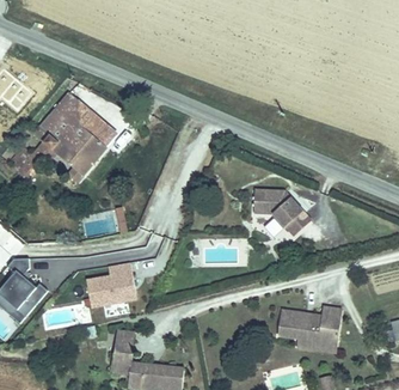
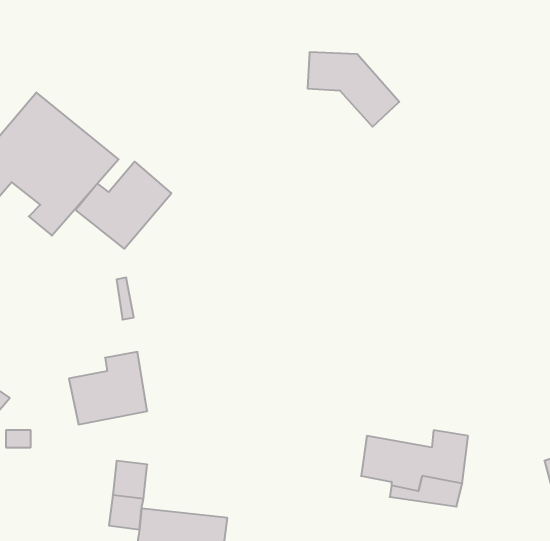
building: none -> [76,162,171,249]
building: [254,191,312,238] -> [308,52,399,127]

